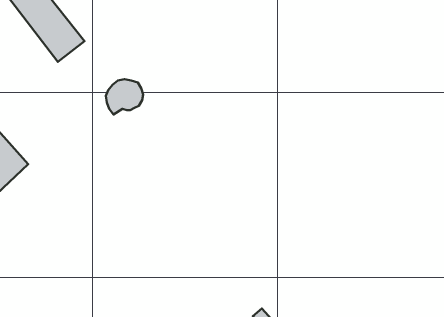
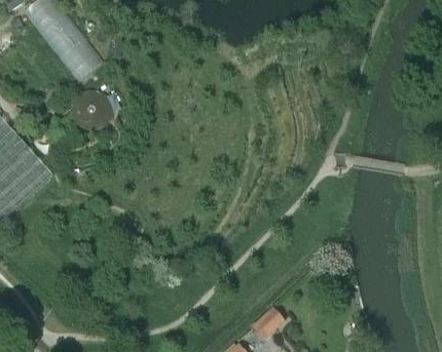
building: [106,79,143,114] -> [73,93,108,126]

